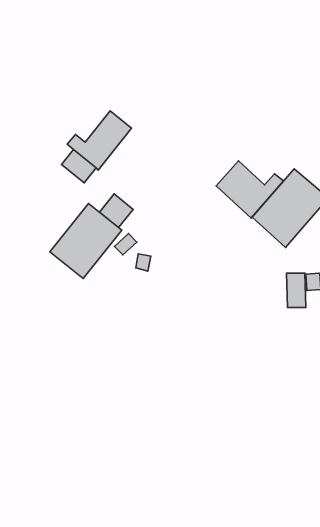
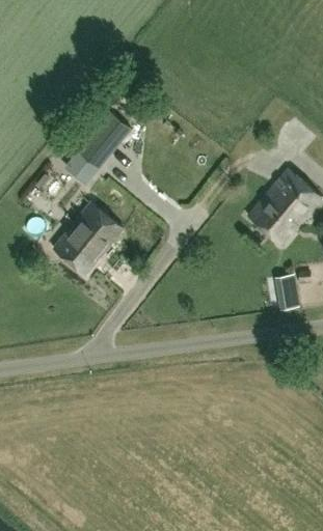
building: [216,161,284,218] -> none
building: [100,194,133,228] -> none

